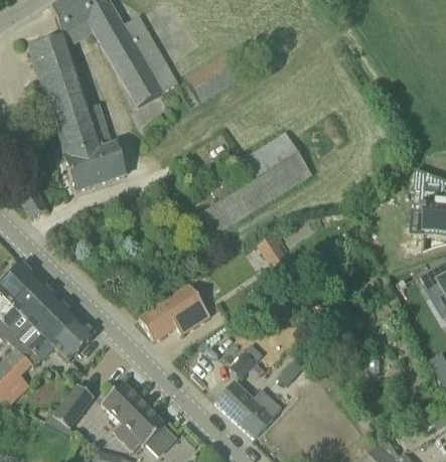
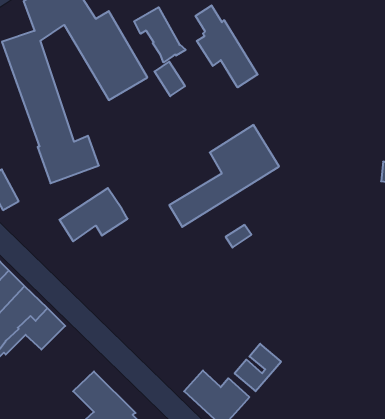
building: none -> [196,5,258,87]
building: none -> [134,7,186,62]
building: [139,286,208,340] -> [59,188,128,241]
building: [227,346,259,378] -> none
building: [53,386,92,426] -> none

